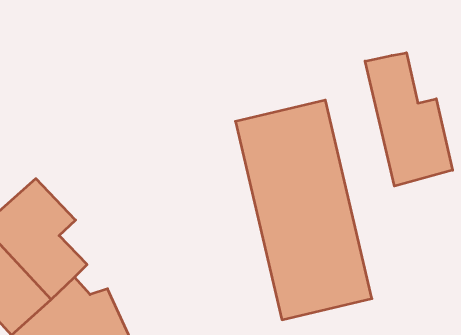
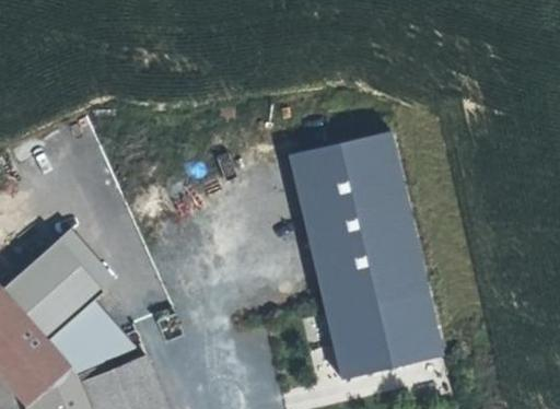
building: [365,53,453,186] -> none

